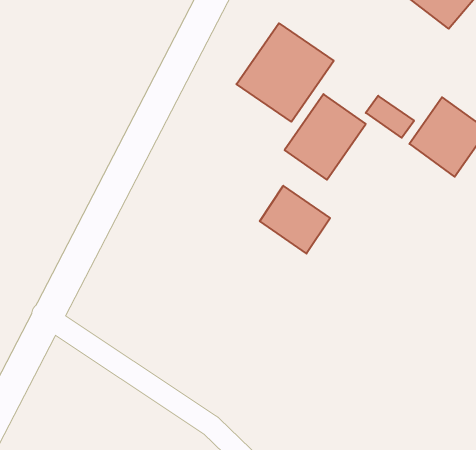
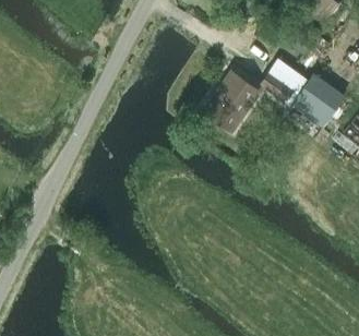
building: [236,23,334,122] -> none
building: [260,186,330,254] -> none

